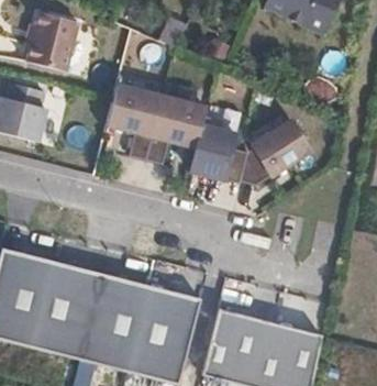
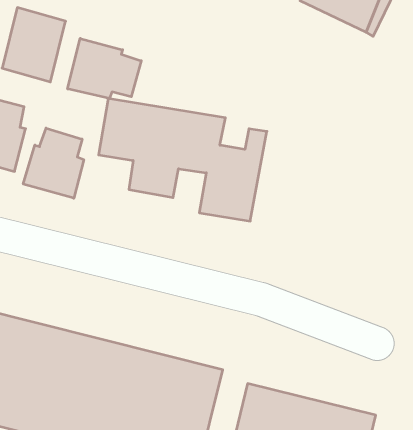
building: none -> [68,38,141,99]
building: none -> [23,128,84,198]
building: [220,114,310,192] -> none

